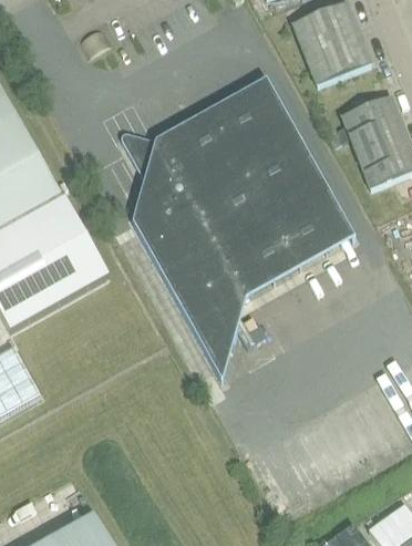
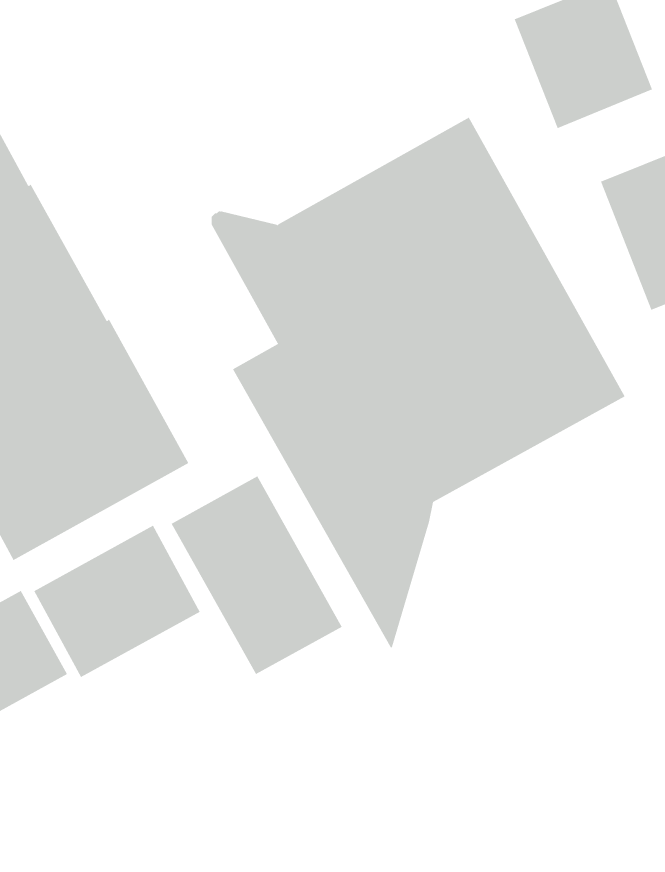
building: none -> [171,476,342,675]
building: none -> [33,525,201,678]

